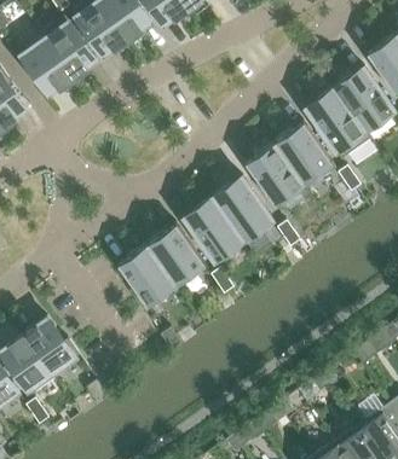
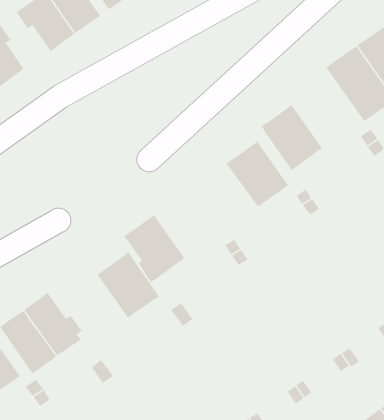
building: [273,123,335,188] -> none
building: [183,198,242,260] -> none
building: [145,223,204,286] -> [96,251,160,318]

